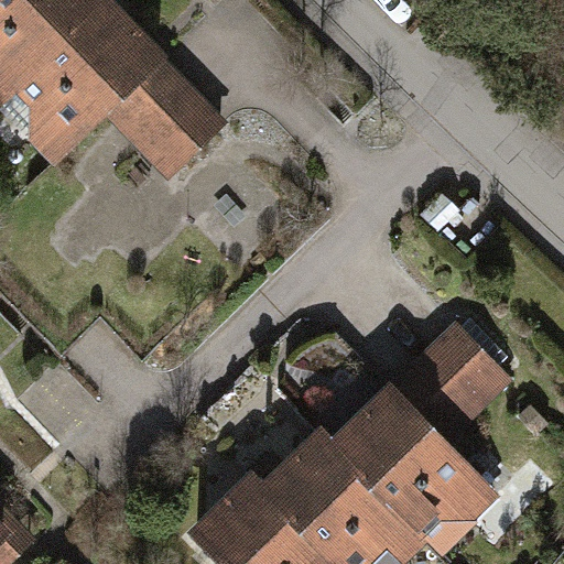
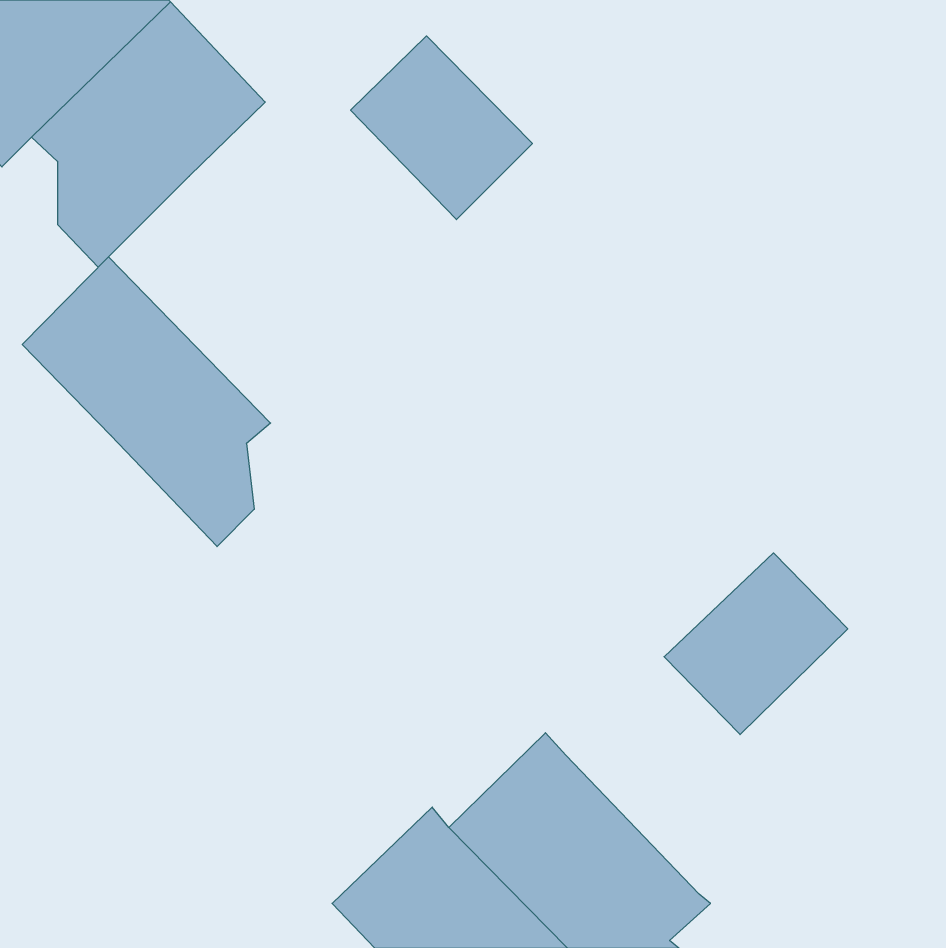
building: [112,61,220,170] -> [351,36,532,220]
building: none -> [22,257,271,547]
building: [336,390,489,531] -> none

